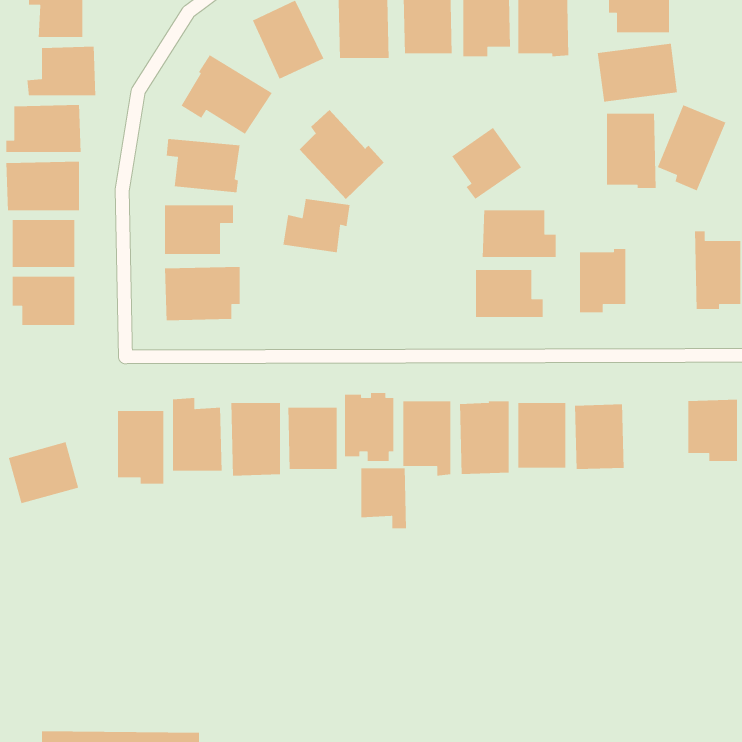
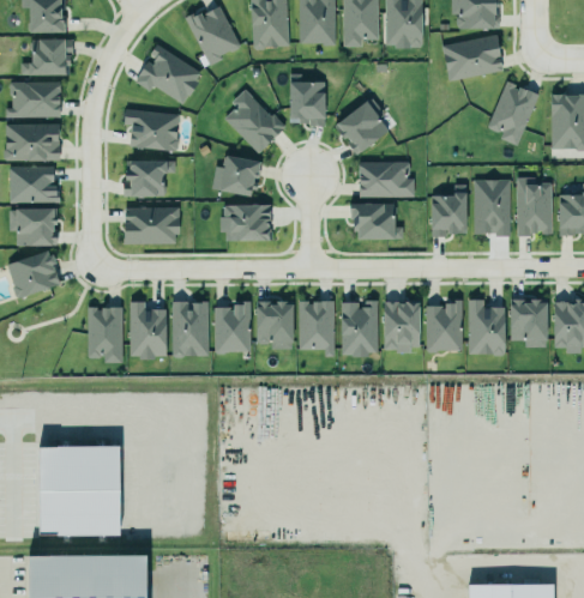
building: none -> [290,78,324,126]
building: [606,113,656,189] -> [472,179,510,235]
building: none -> [223,206,271,242]
building: none -> [469,301,506,356]
building: [8,441,79,504] -> [8,253,61,300]
building: [360,468,407,529] -> none
building: none -> [41,447,121,537]

